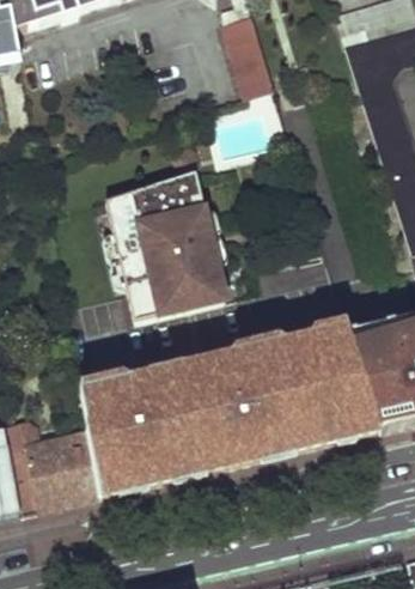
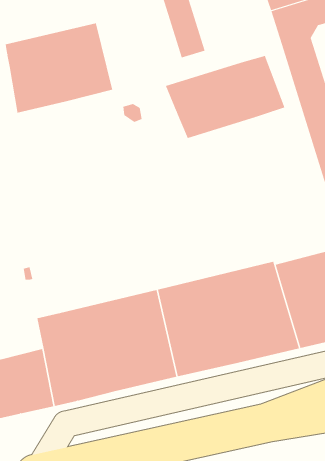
building: none -> [5,23,113,114]
building: none -> [165,55,285,139]
building: [109,174,228,317] -> none

